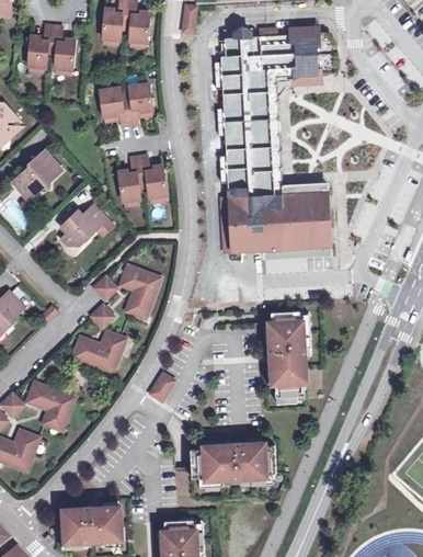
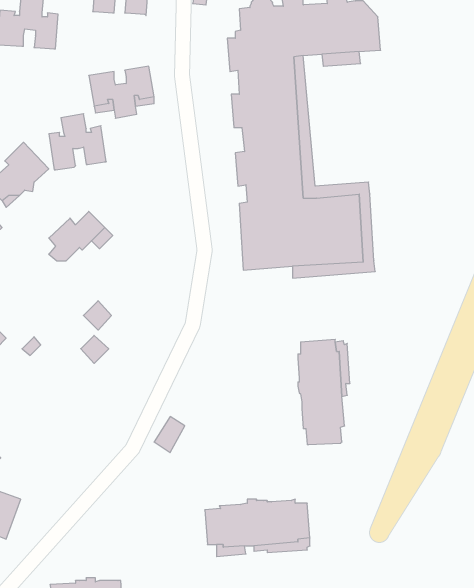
building: [117,155,164,201] -> [49,114,106,170]
building: [119,265,157,316] -> none
building: [73,332,124,371] -> none
building: [28,386,75,432] -> none

